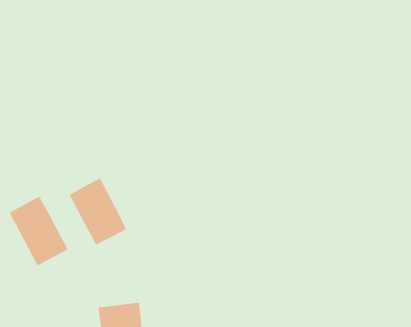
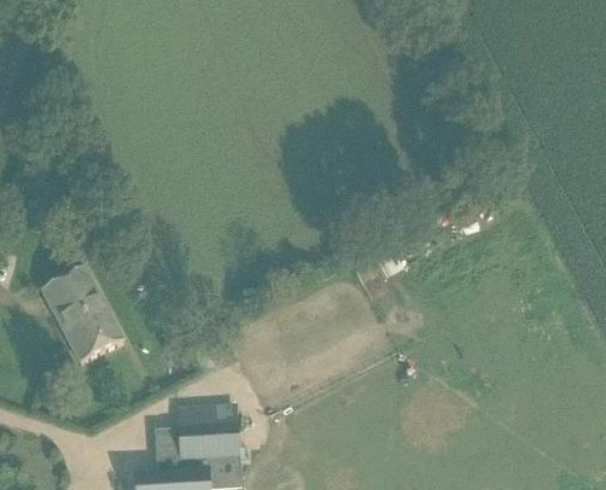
building: [69,178,127,245] -> none

